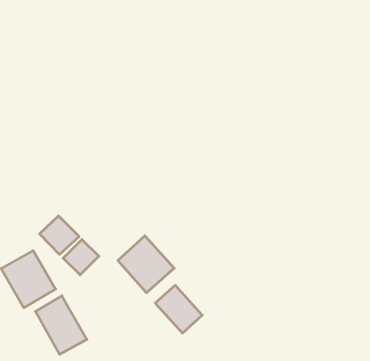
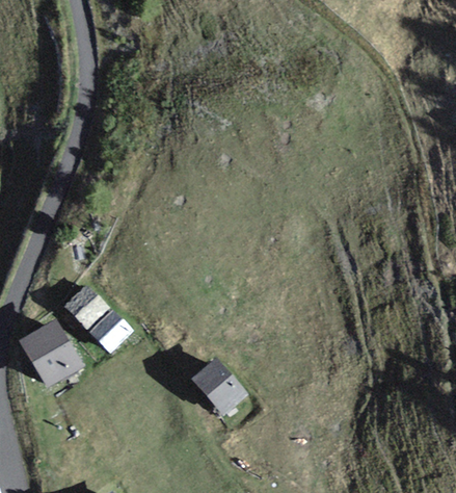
building: [118,236,174,293] -> none
building: [35,296,87,354] -> none

